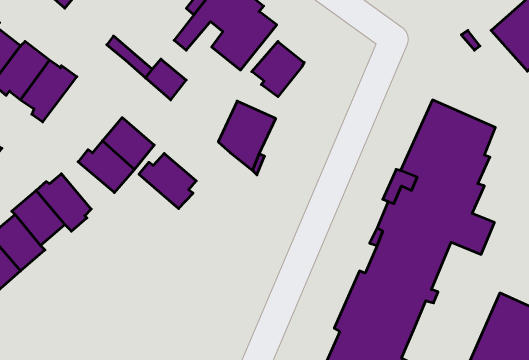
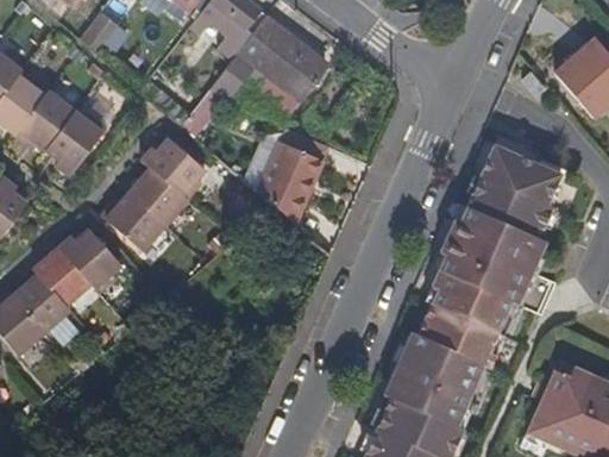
building: [252,41,304,97] -> none
building: [139,153,196,209] -> [147,138,209,198]

